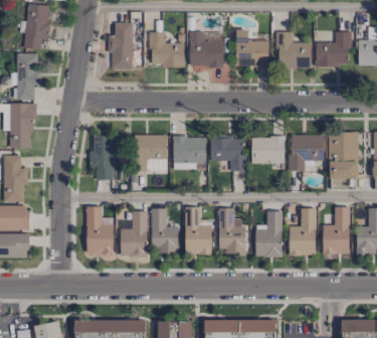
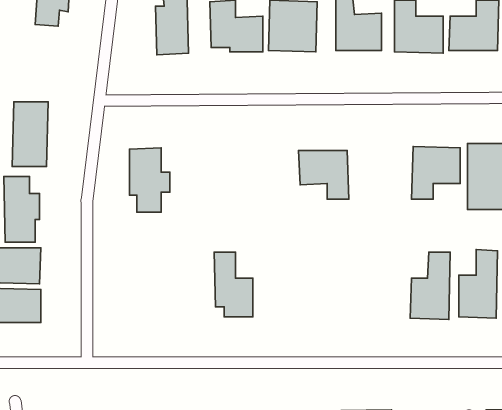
building: [11,53,40,100] -> none
building: [133,134,167,171] -> none
building: [173,136,206,169] -> none
building: [251,136,285,164] -> none
building: [84,206,114,254] -> none
building: [185,207,212,255] -> none
building: [219,208,245,254] -> none
building: [121,210,148,258] -> none
building: [255,210,282,257] -> none

